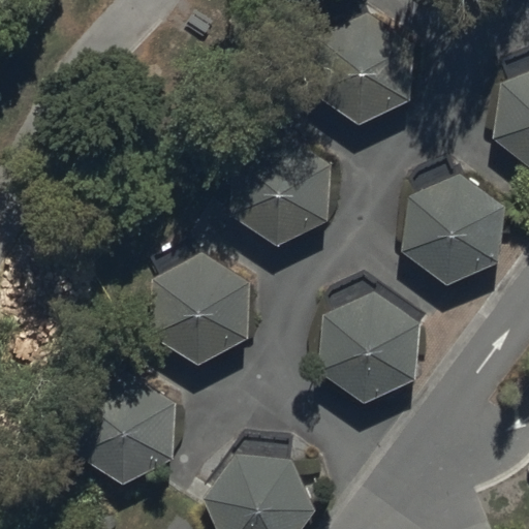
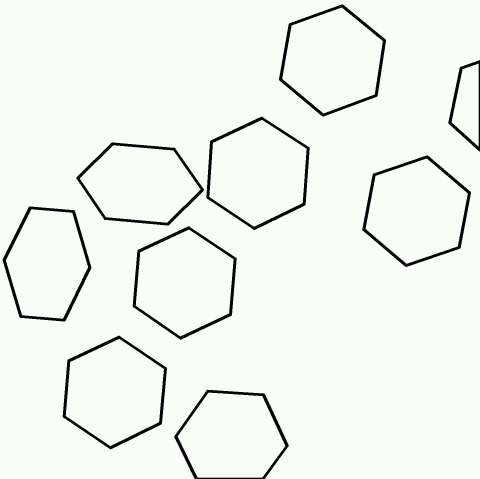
building: none -> [78,144,202,224]
building: none -> [4,208,90,320]
building: [315,292,423,413] -> none

